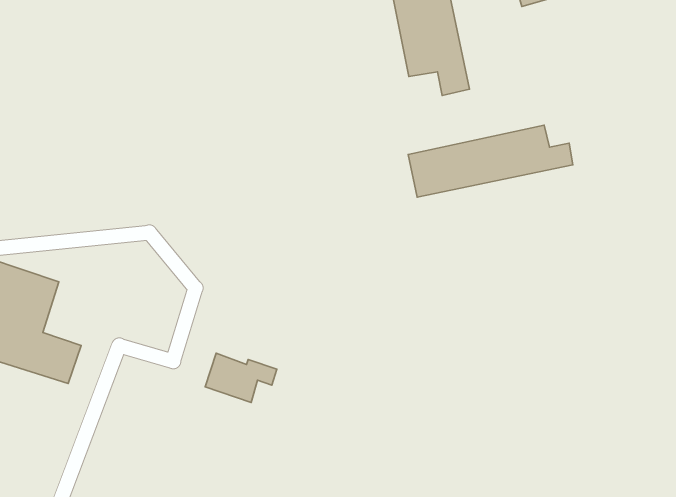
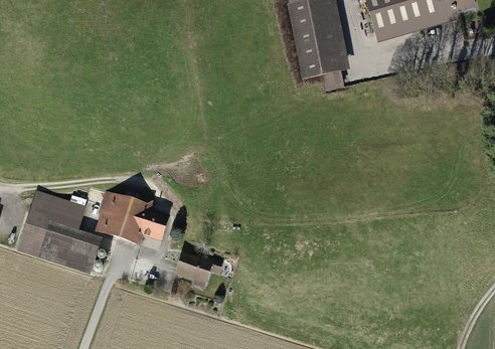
building: [408,125,573,197] -> none
building: none -> [101,191,168,242]

